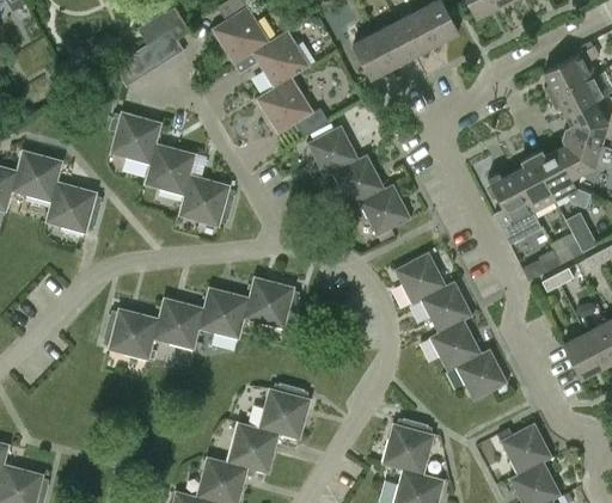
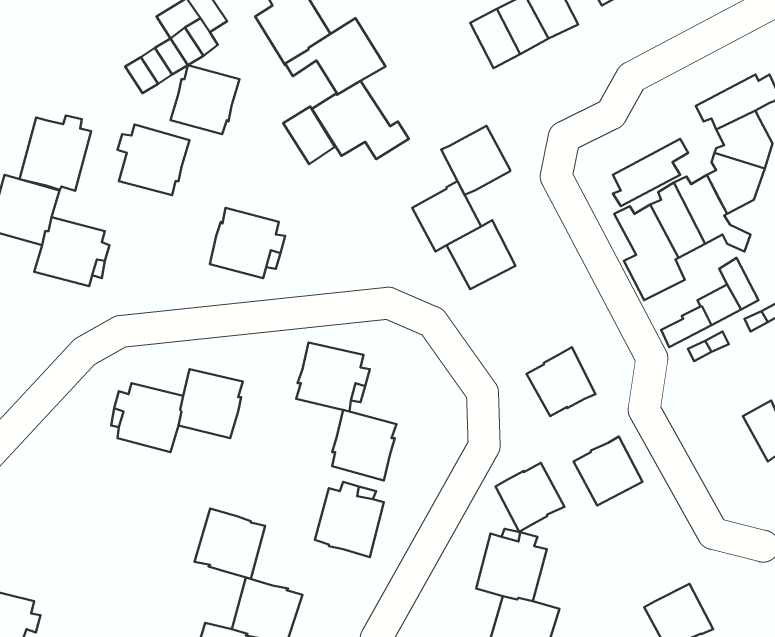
building: [354,32,394,78] -> none
building: [543,44,600,96] -> [613,139,688,206]
building: none -> [283,107,335,164]
building: none -> [19,115,91,191]
building: [306,124,359,177] -> [441,126,510,195]
building: [143,142,196,195] -> [170,65,239,134]
building: [393,251,446,303] -> none
building: [200,286,249,339] -> [332,410,396,480]
building: [429,319,482,372] -> [496,463,565,532]
building: [563,332,604,379] -> none
building: [226,421,280,474] -> [195,508,265,579]
building: [501,422,552,473] -> none

